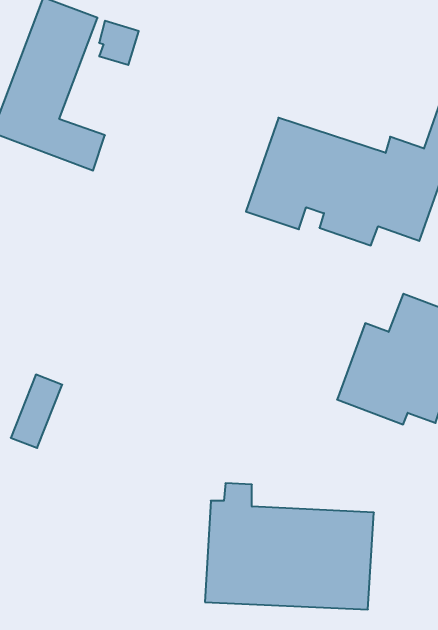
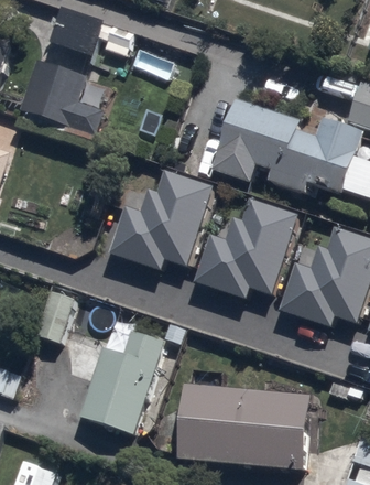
building: none -> [109,171,213,276]
building: none -> [195,205,292,301]
building: none -> [81,331,162,433]

